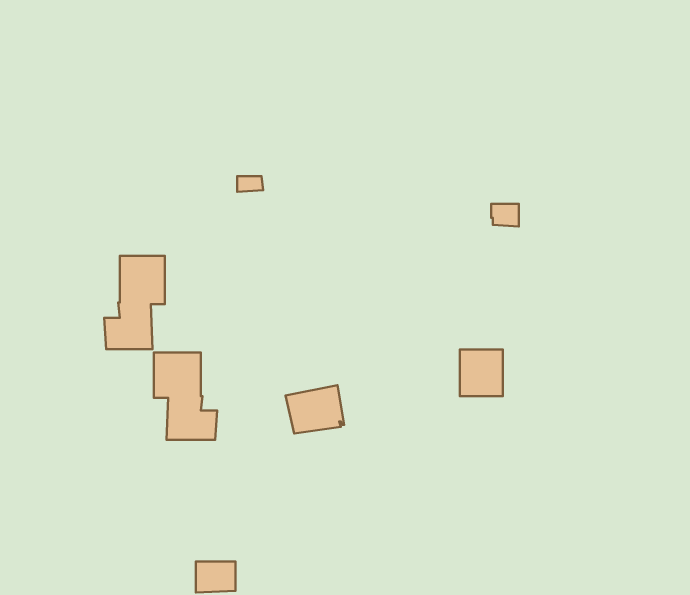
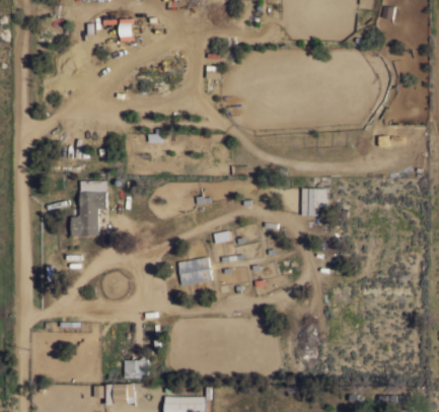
building: [460,350,503,396] -> [301,189,326,216]
building: [154,352,217,440] -> none

